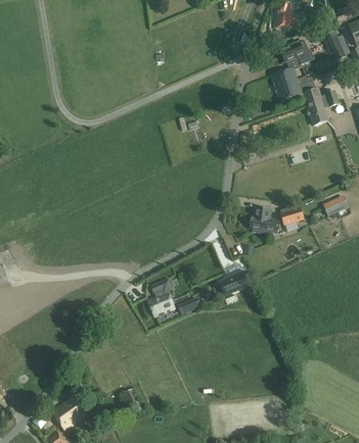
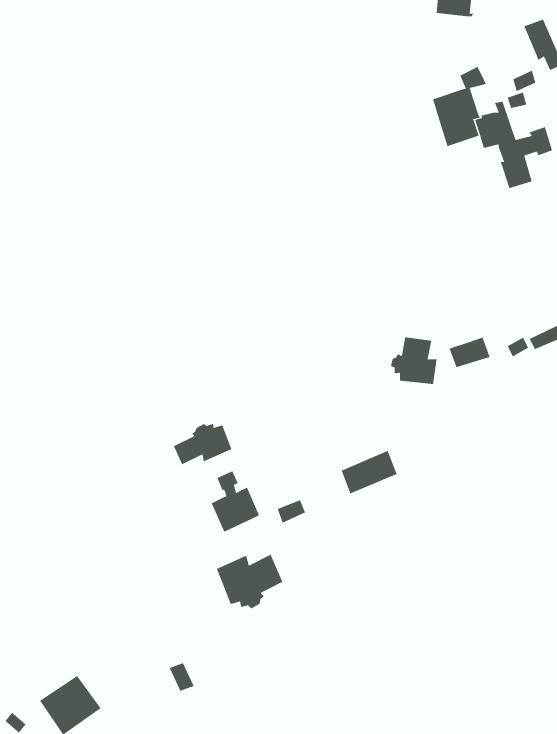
building: [280,40,315,64] -> none
building: none -> [173,423,232,465]
building: none -> [216,554,283,609]

